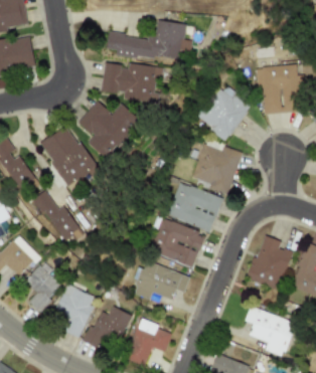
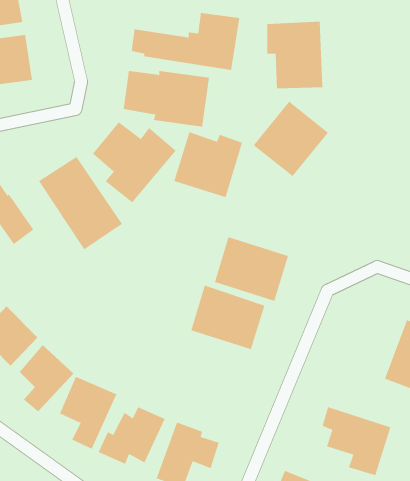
building: [257,64,298,114] -> [267,21,323,89]
building: [191,144,242,192] -> [174,131,243,198]
building: [36,191,84,247] -> none
building: [248,234,292,290] -> none
building: [133,260,190,302] -> none

